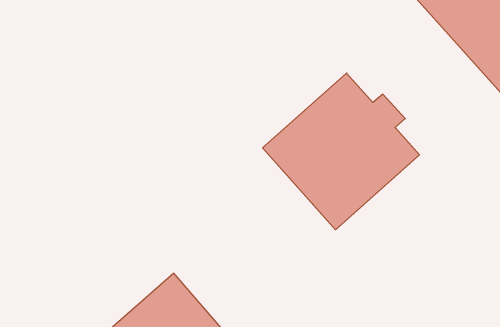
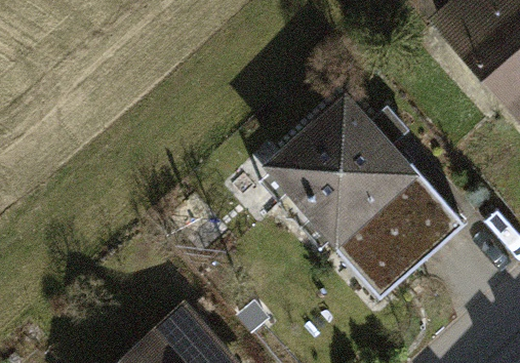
building: none -> [343,176,470,304]

